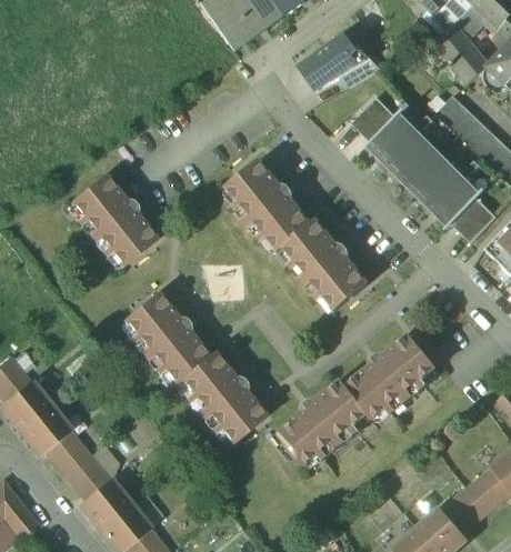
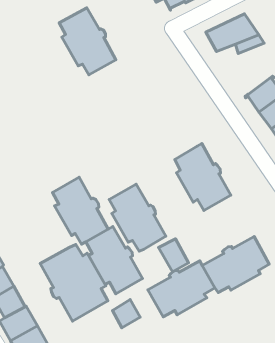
building: [350,94,395,141] -> none
building: [226,159,311,250] -> [109,184,166,251]
building: [71,174,157,265] -> [59,8,116,75]
building: none -> [159,239,189,272]
building: none -> [40,245,108,321]
building: none -> [112,300,140,328]

